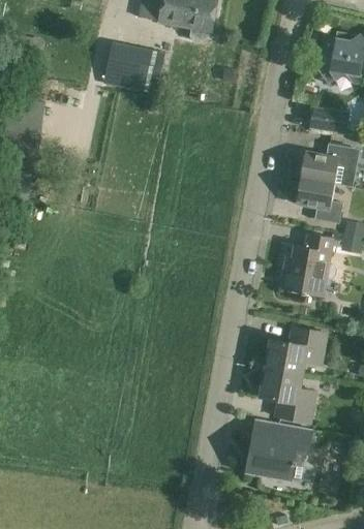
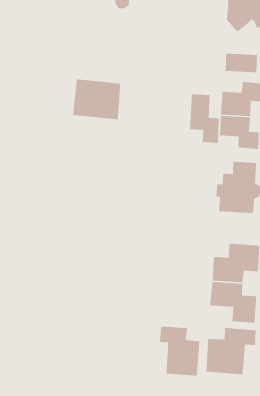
building: [103,38,164,92] -> [72,78,121,120]
building: none -> [189,93,220,144]
building: none -> [159,326,200,376]

